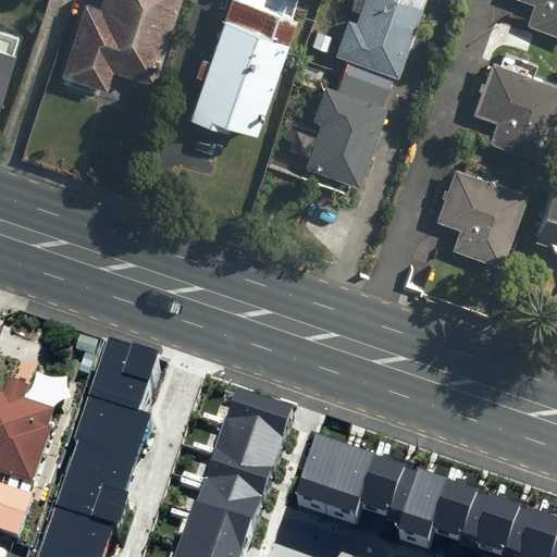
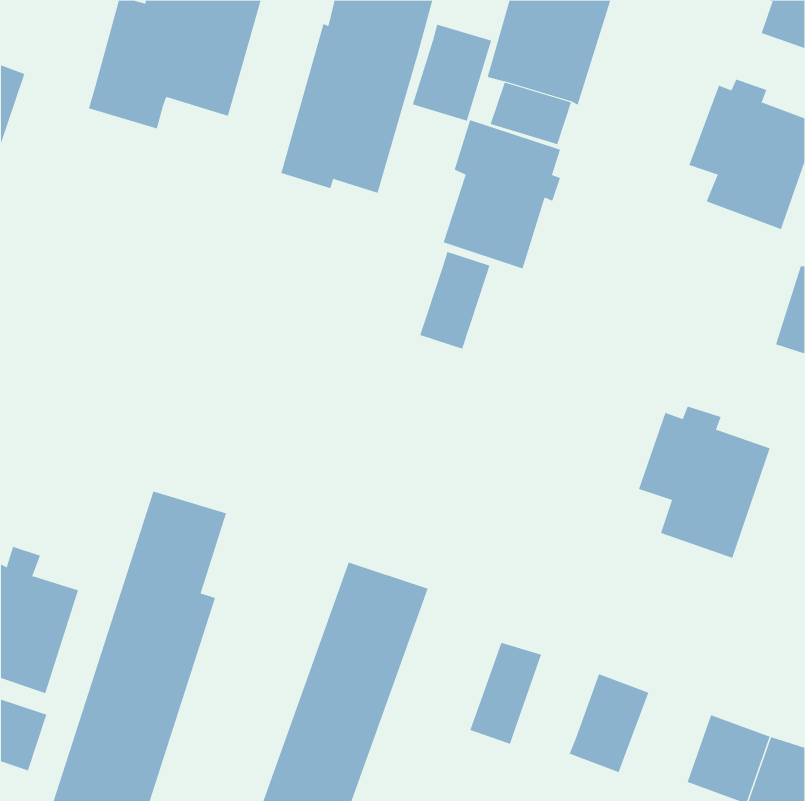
building: none -> [412,24,492,121]
building: [437,163,529,269] -> [638,406,770,558]
building: none -> [419,251,490,349]
building: [295,435,346,507] -> none
building: [359,455,413,512] -> none
building: [431,481,491,543] -> none

